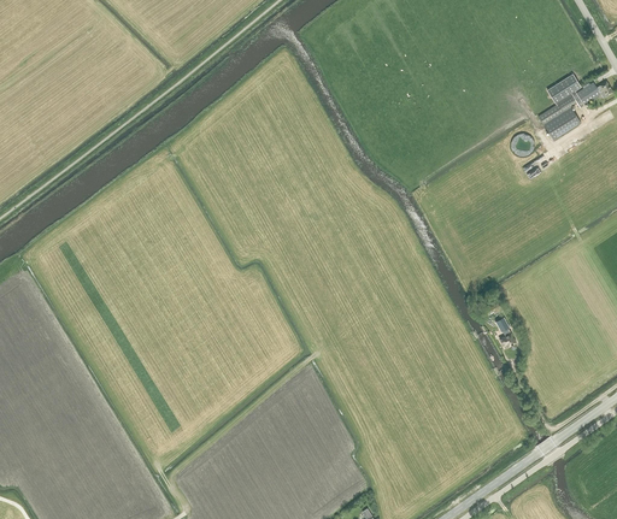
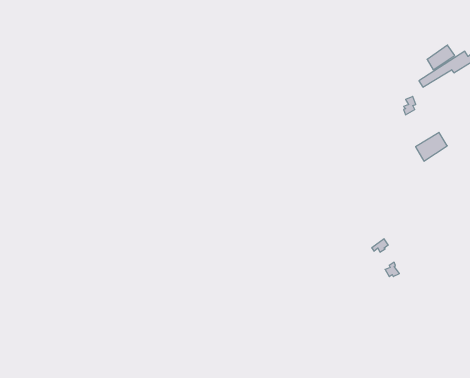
building: [542,107,580,141] -> [416,132,447,161]

